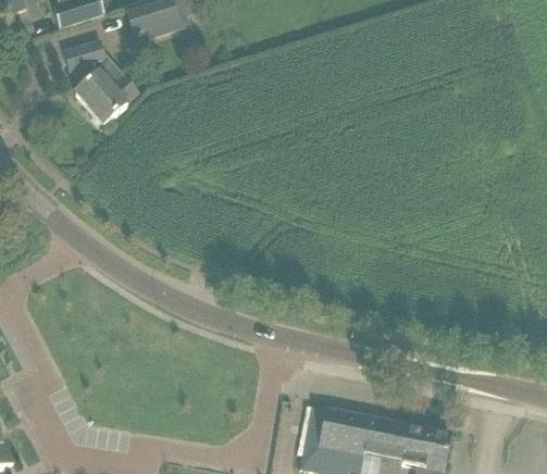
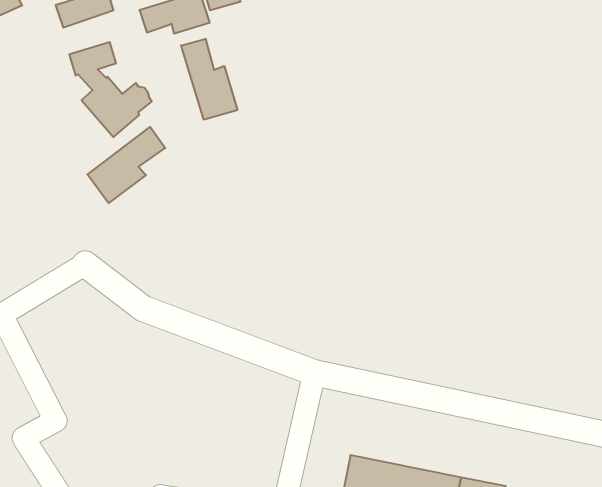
building: none -> [181,39,237,120]
building: none -> [87,127,165,203]

